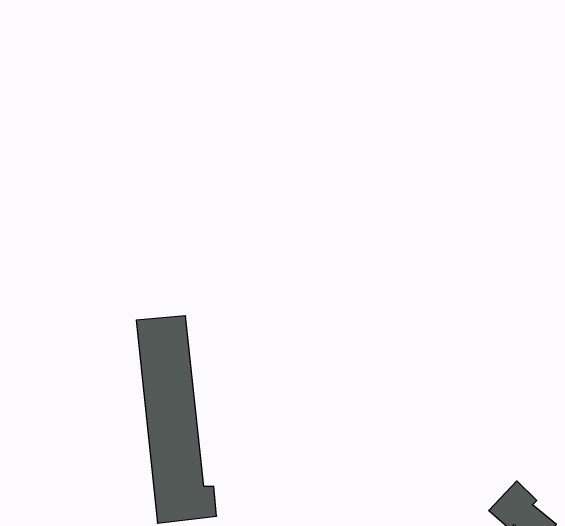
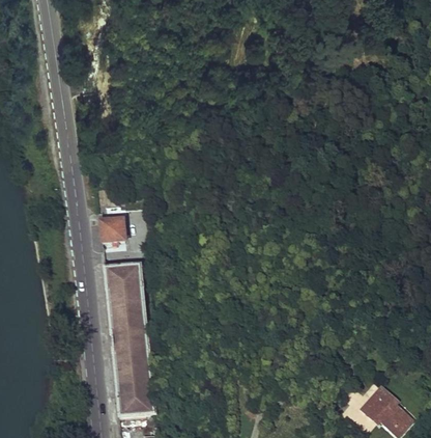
building: none -> [98,218,122,240]

